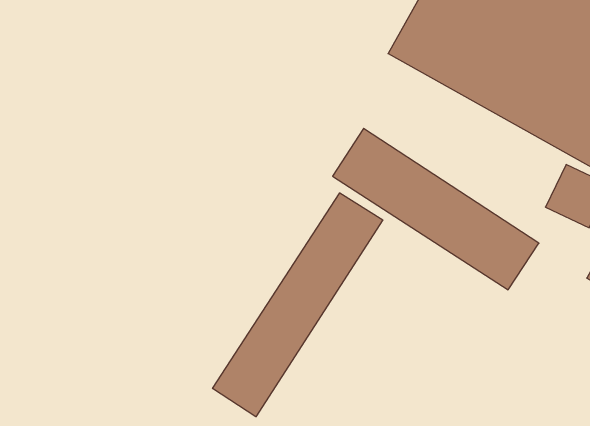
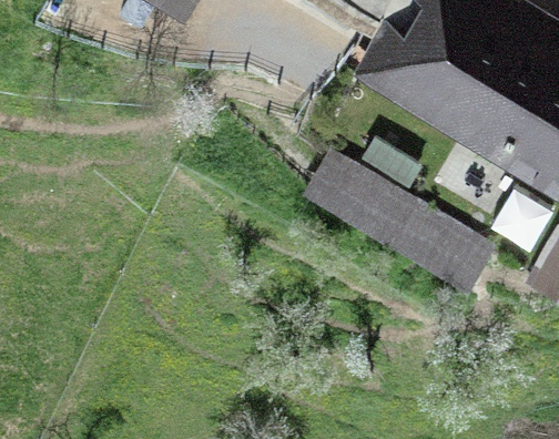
building: [213,193,383,417] -> none

